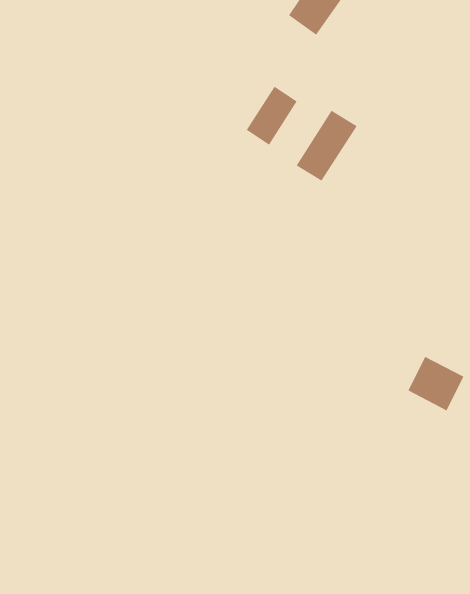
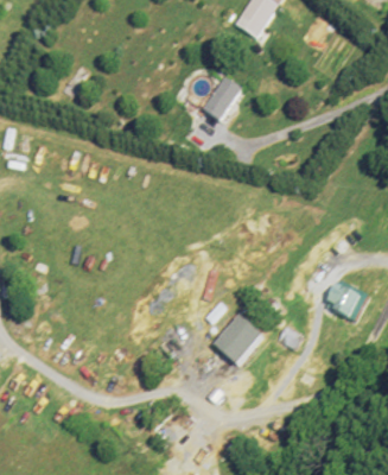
building: [296,110,358,182] -> none
building: none -> [215,316,262,365]

